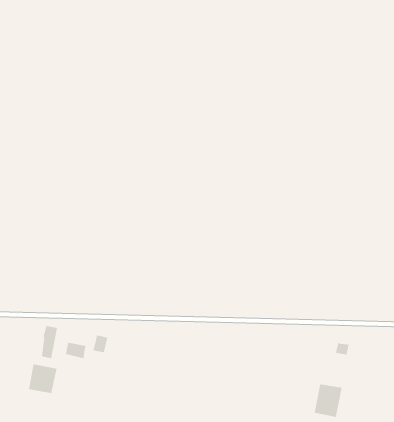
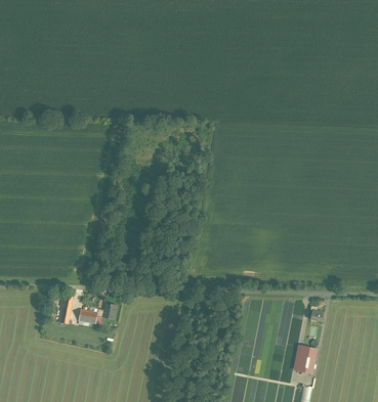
building: [28,364,57,394] -> none

